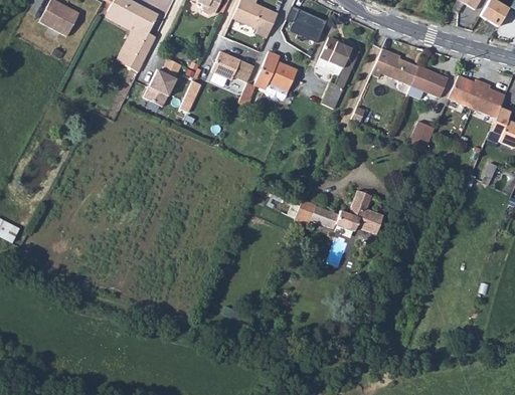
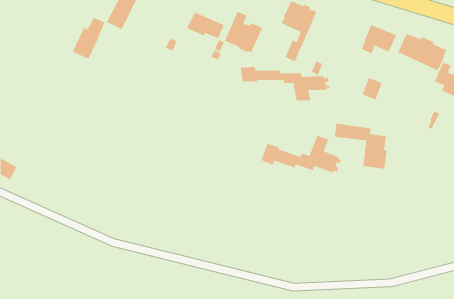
building: [371,48,418,85] -> none
building: [144,58,182,107] -> [72,17,106,60]
building: none -> [240,66,330,101]
building: none -> [334,123,388,169]

